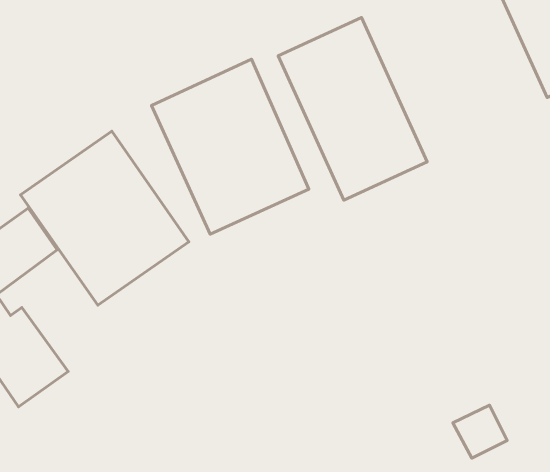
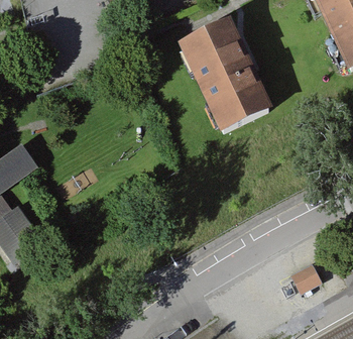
building: [151,59,309,234] -> none
building: [20,131,189,305] -> none

